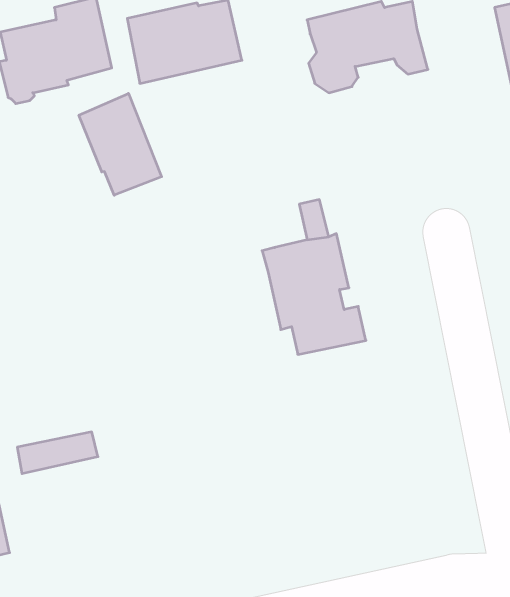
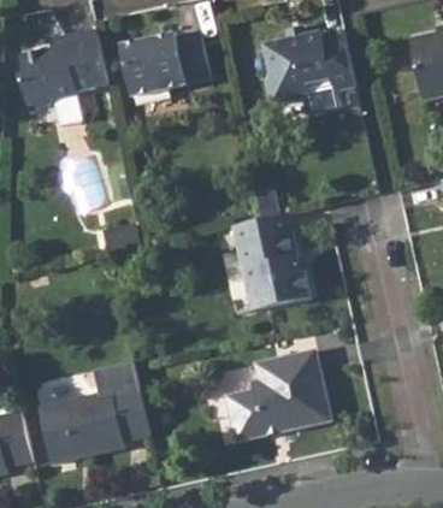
building: [79,93,162,195] -> none
building: none -> [220,353,327,444]
building: none -> [37,385,147,466]

